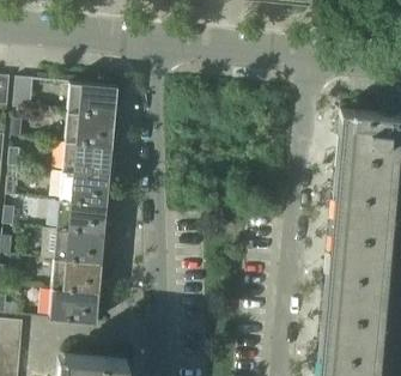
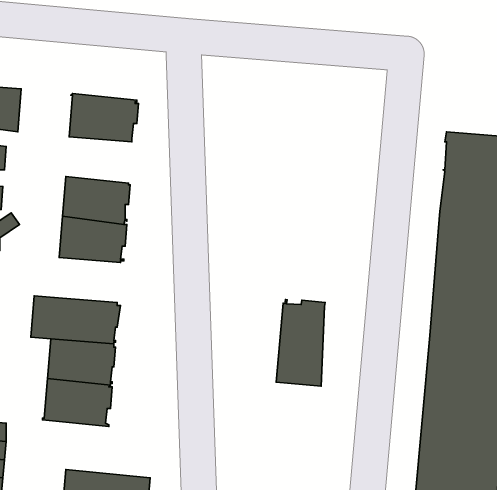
building: [66,115,115,148] -> none
building: [57,202,108,235] -> none
building: none -> [276,299,325,386]

